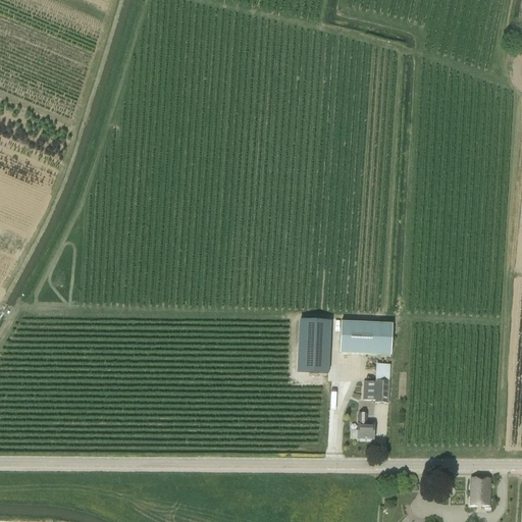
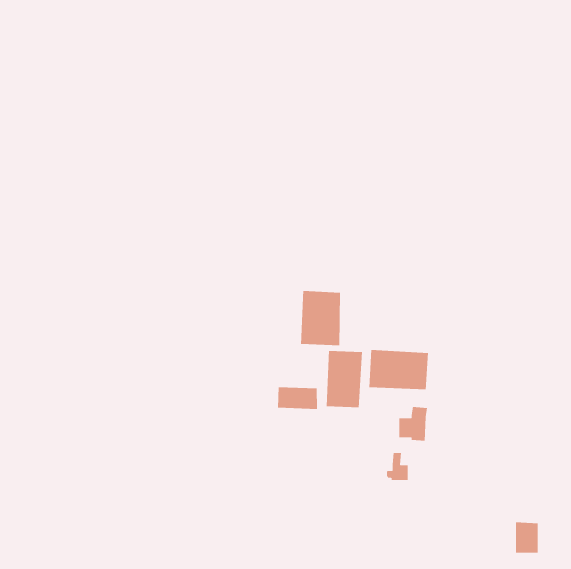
building: none -> [301,290,341,346]
building: none -> [277,386,318,410]

